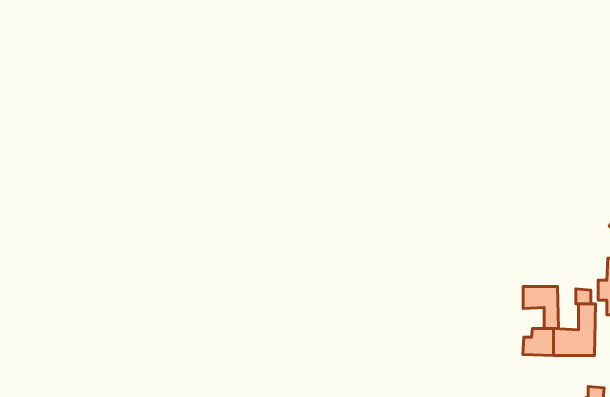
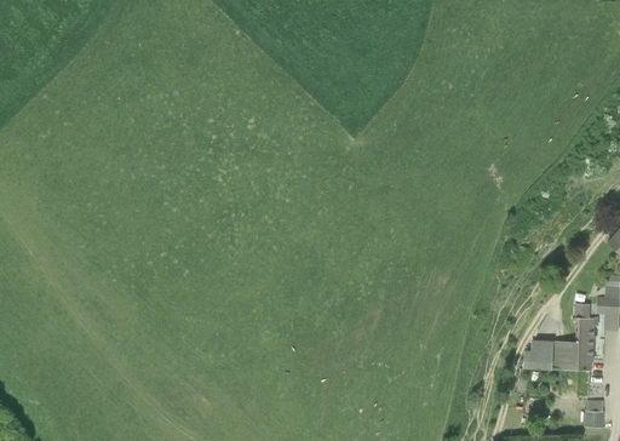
building: [523,286,559,328] -> none

